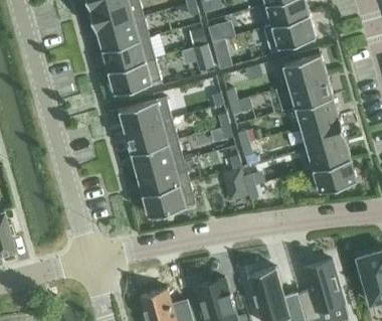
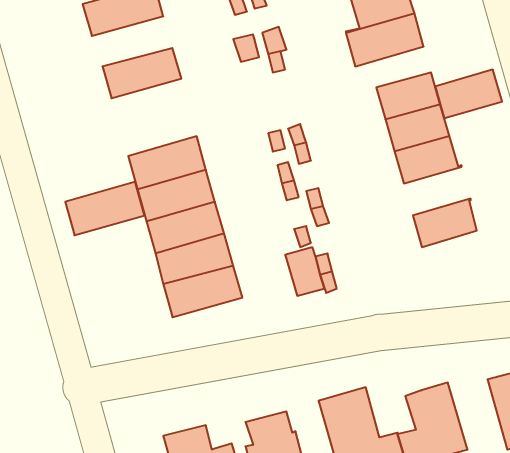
building: [96,17,149,50] -> none
building: [180,44,213,71] -> none
building: [109,58,161,94] -> [65,182,144,235]
building: [302,117,346,149] -> [435,70,502,118]
building: [314,159,356,191] -> none

